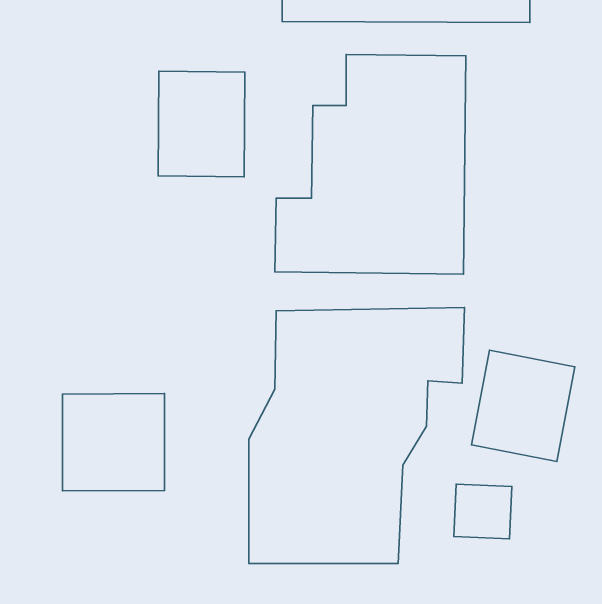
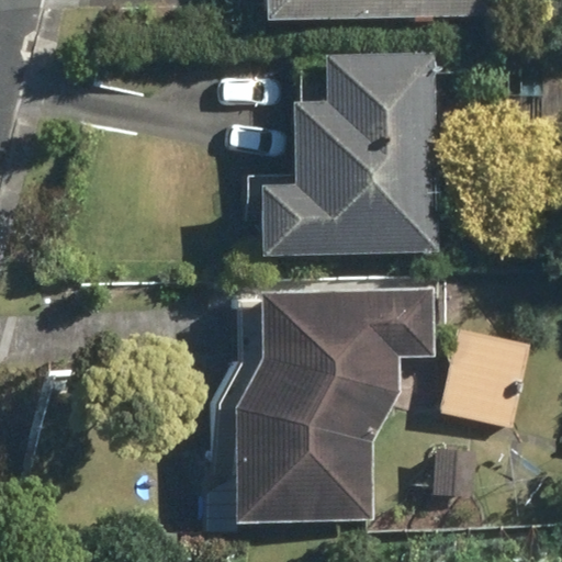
building: [158,71,245,177] -> none
building: [62,394,165,491] -> none

